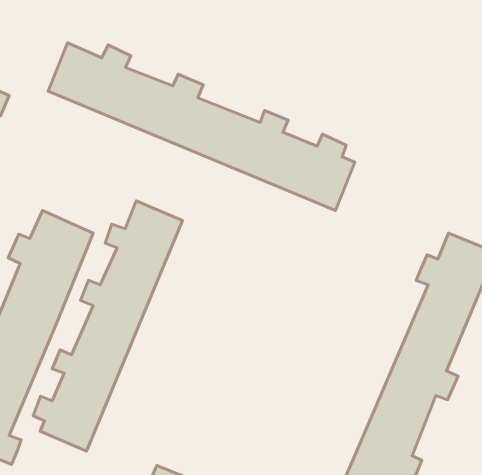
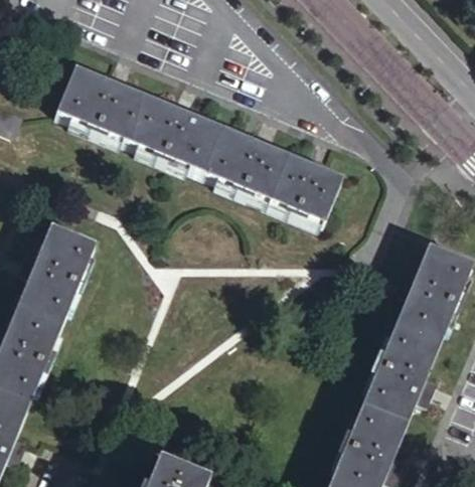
building: [33,201,182,451] -> none

